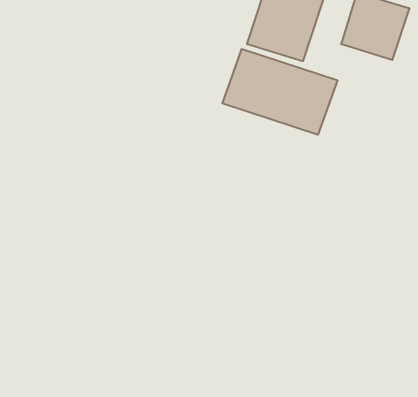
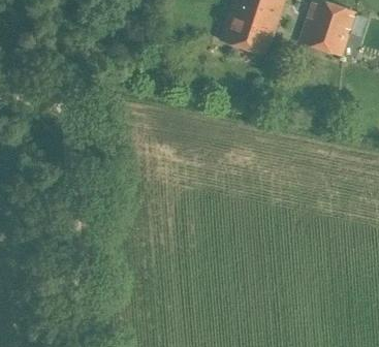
building: [222,49,337,135] -> none

